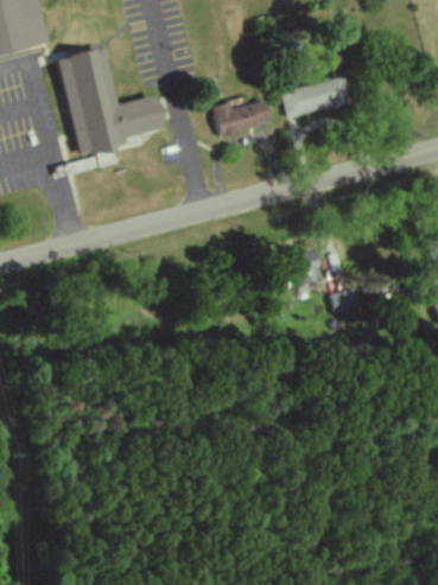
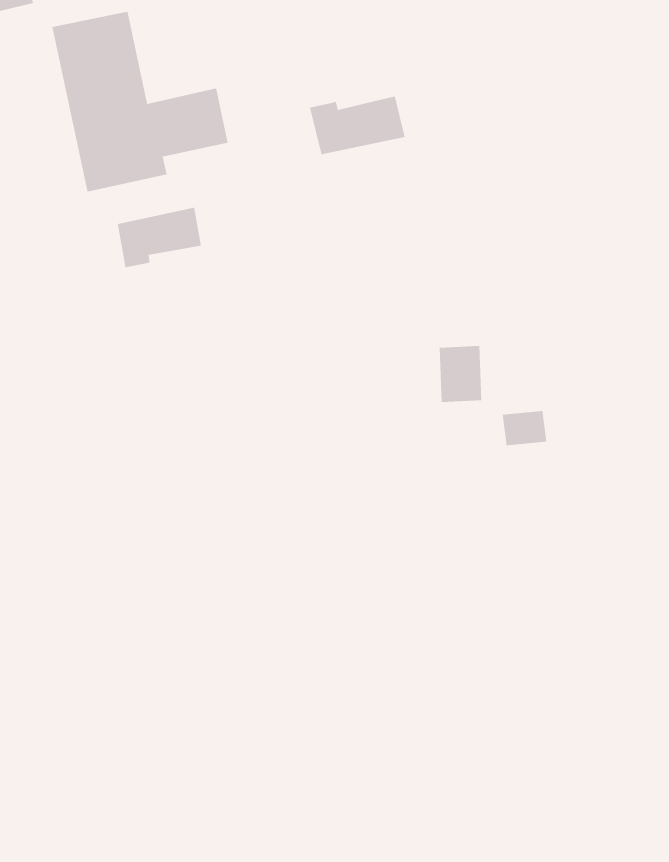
building: [280,78,349,116] -> none
building: none -> [117,207,202,268]

